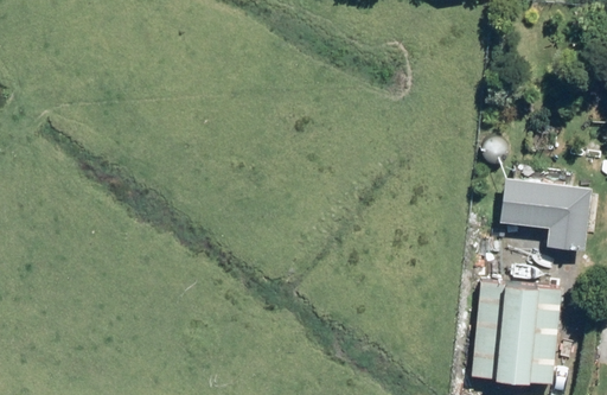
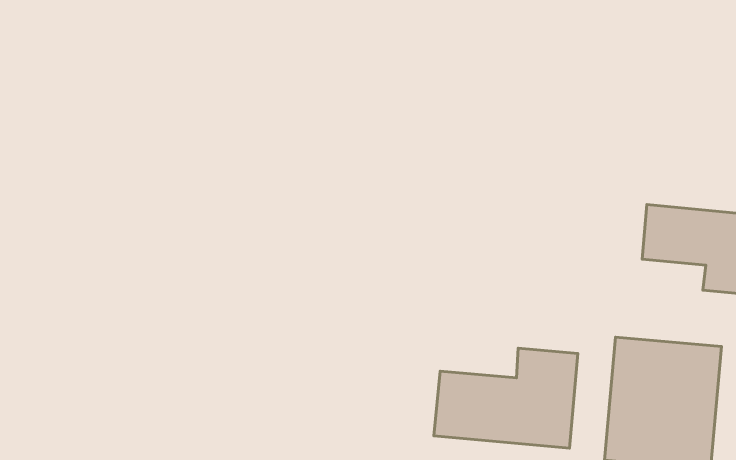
building: none -> [434,348,578,448]

